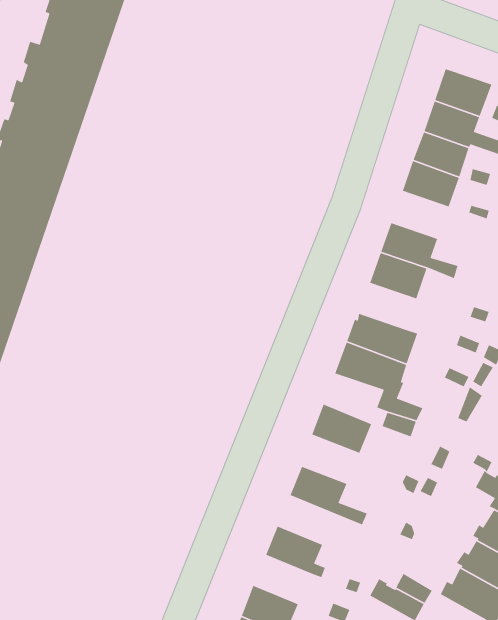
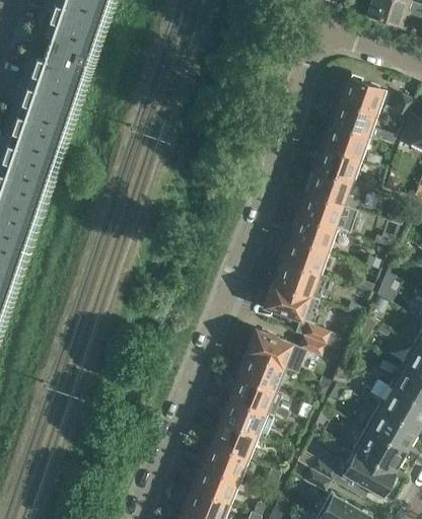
building: none -> [305,168,360,208]
building: none -> [281,237,325,272]
building: none -> [238,351,282,387]
building: none -> [220,396,272,436]
building: none -> [202,441,245,477]

